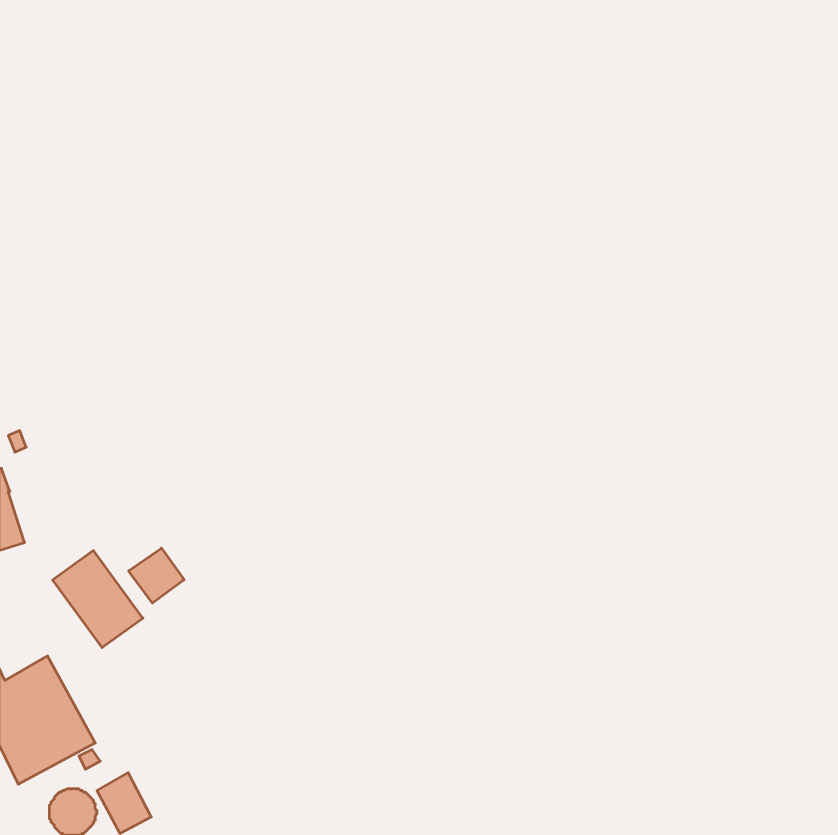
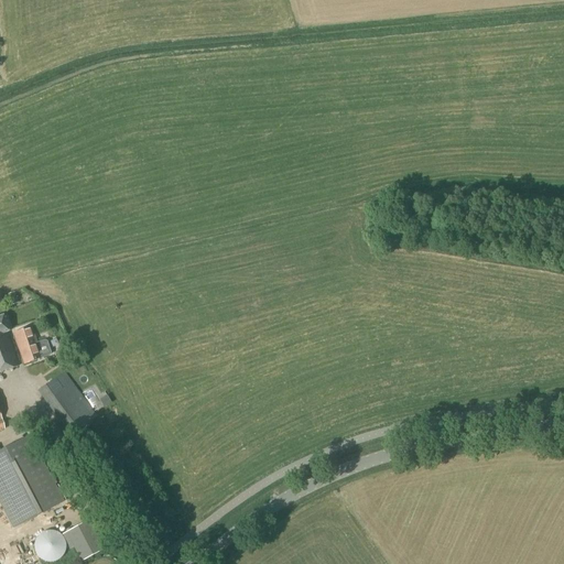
building: none -> [12,324,48,361]
building: [129,548,184,603] -> none

